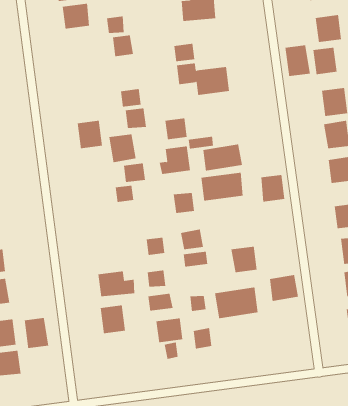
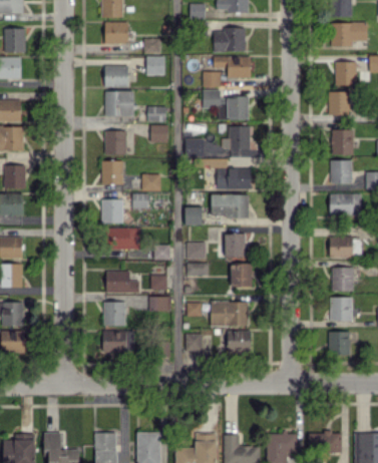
building: none -> [214,55,252,77]
building: [285,45,310,77] -> none
building: none -> [104,64,129,86]
building: none -> [105,91,134,115]
building: [108,134,136,163] -> [101,160,124,184]
building: [159,146,191,174] -> [222,126,250,149]
building: [260,174,285,202] -> [225,234,246,257]
building: none -> [102,198,123,223]
building: none -> [105,227,140,249]
building: [269,274,299,302] -> [228,330,253,352]
building: [24,317,49,349] -> none
building: [156,318,183,343] -> [103,331,126,351]

